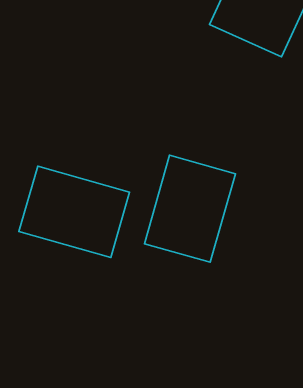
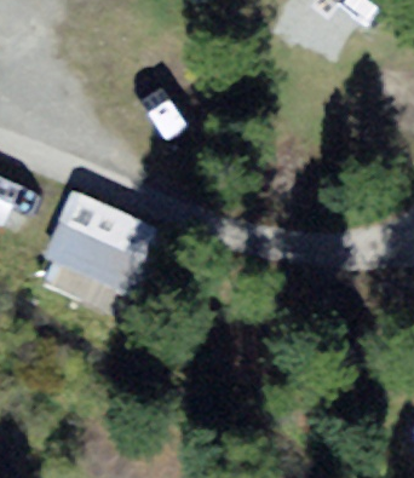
building: [144,155,235,262] -> none

